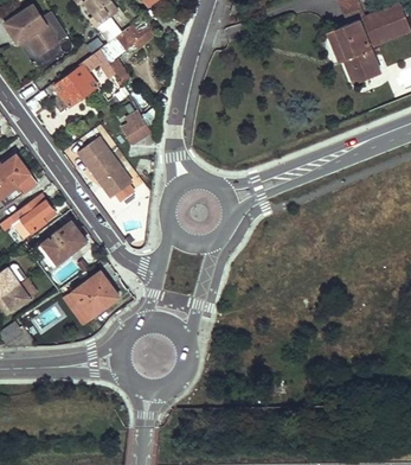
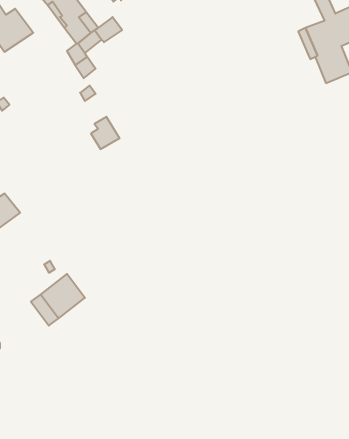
building: [54,60,99,108] -> none
building: [75,135,134,200] -> none
building: [41,223,86,265] -> none

